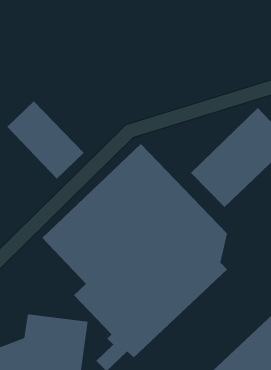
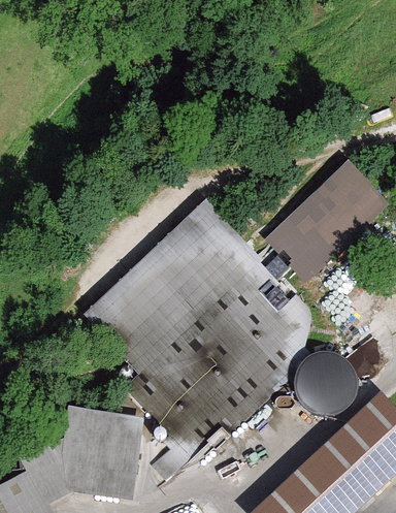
building: [7,101,84,180] -> none
building: none -> [296,354,358,416]

